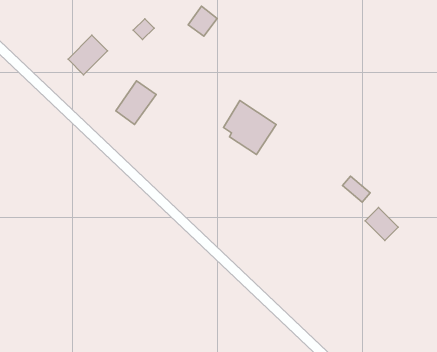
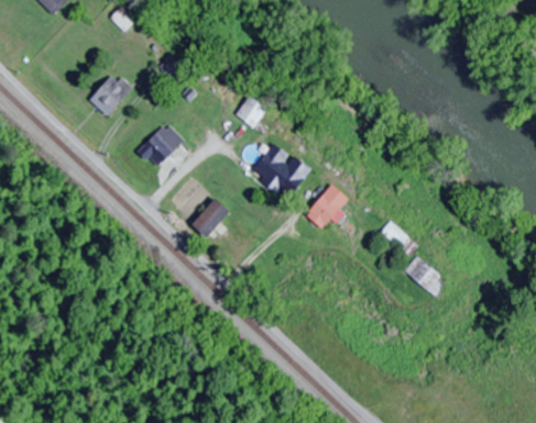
building: [188,6,217,36] -> [236,96,266,127]
building: none -> [304,186,348,231]
building: none -> [190,199,230,238]

